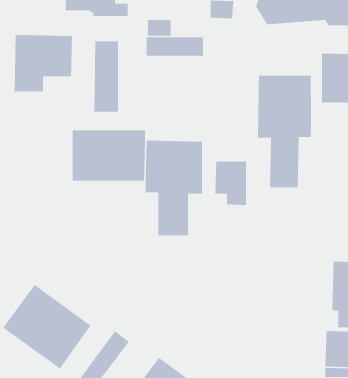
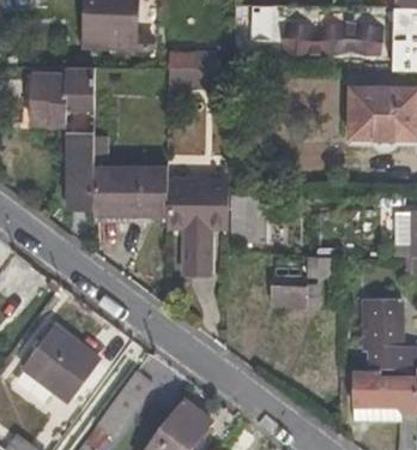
building: [93,41,119,112] -> [66,133,92,208]
building: [257,75,312,188] -> none
building: none -> [271,283,319,308]

